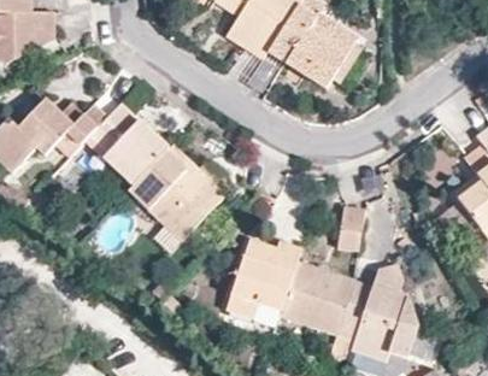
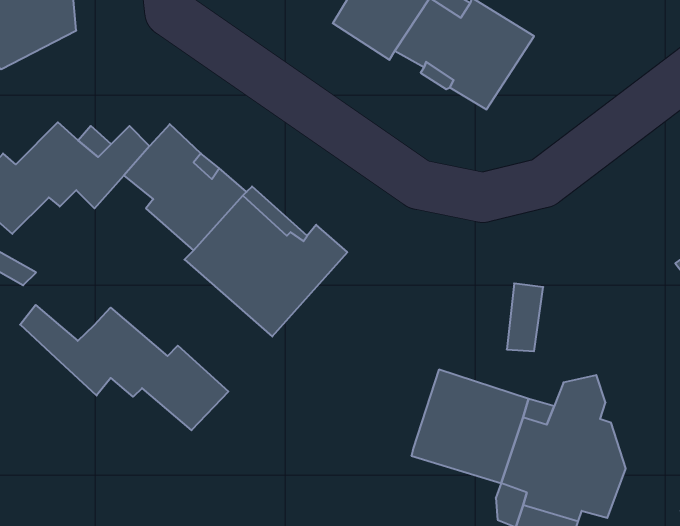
building: none -> [20,305,228,430]
building: [224,239,300,316] -> none

